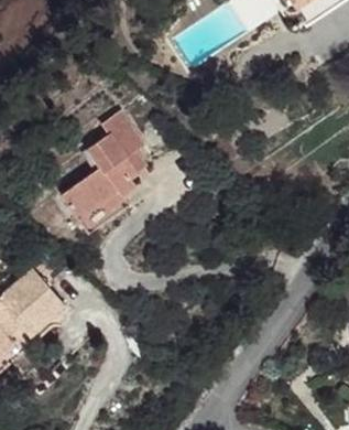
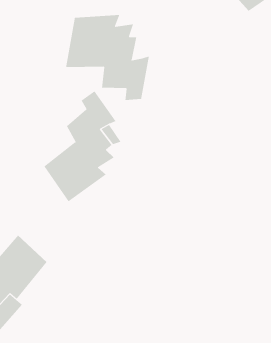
building: none -> [65,14,150,101]

